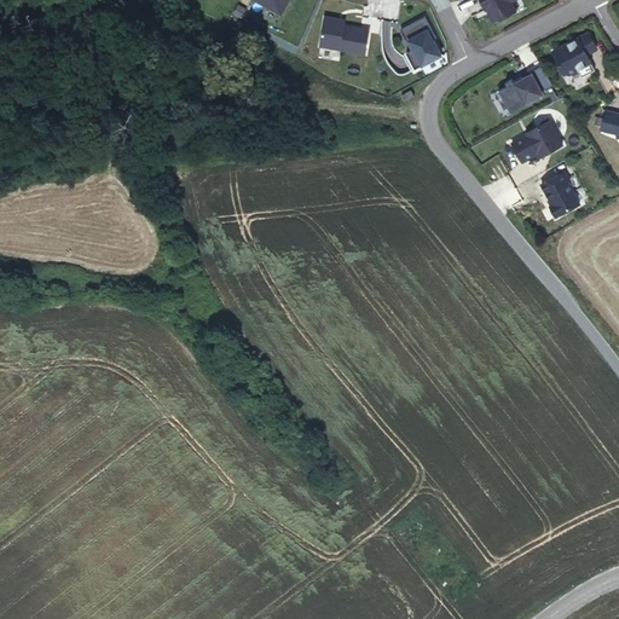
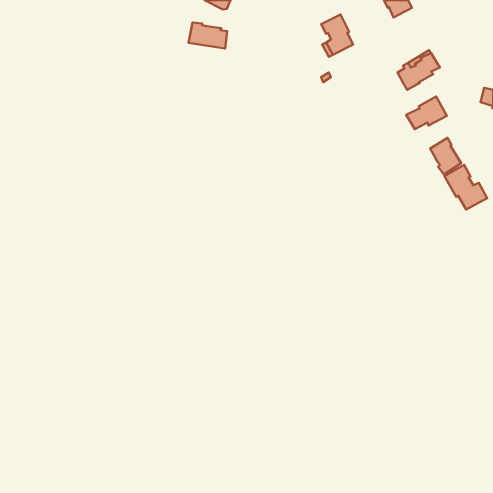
building: [320,22,369,54] -> [189,22,227,48]
building: [551,33,596,76] -> none
building: none -> [444,165,487,209]

